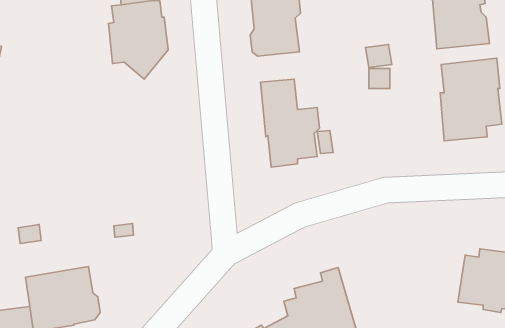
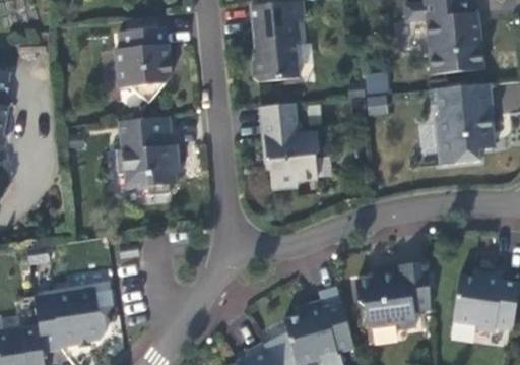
building: none -> [115,116,179,196]
building: none -> [354,260,430,327]

